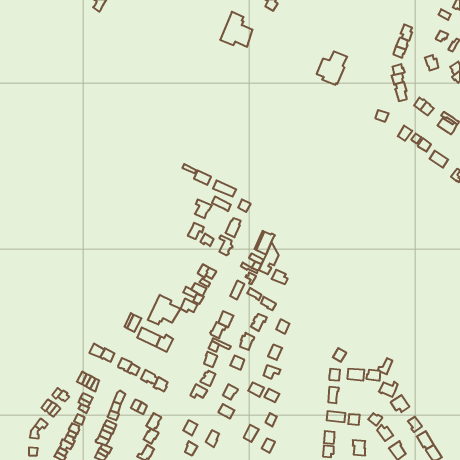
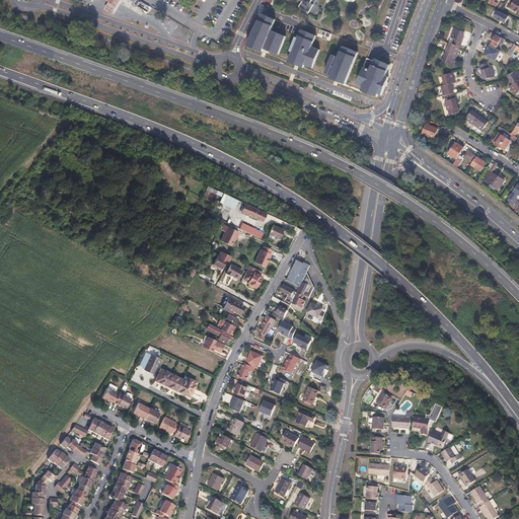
building: none -> [287,28,318,67]
building: none -> [323,46,358,82]
building: [148,295,180,325] -> none

